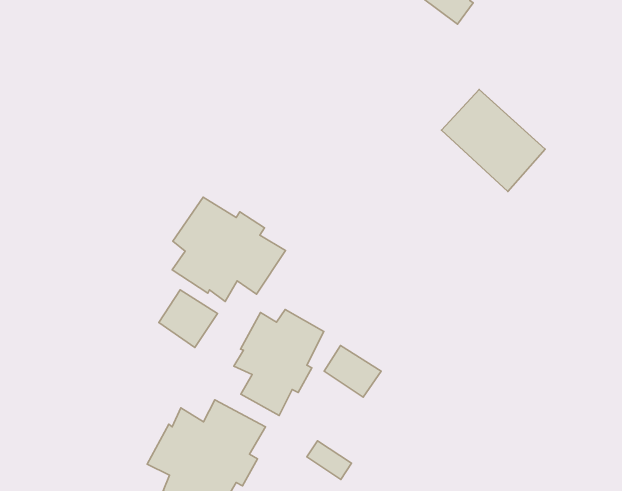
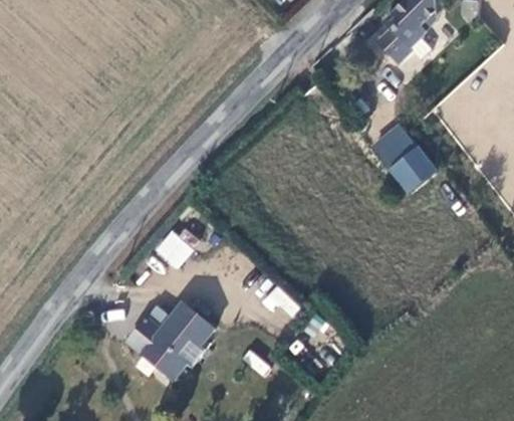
building: [172,197,286,302] -> none
building: [234,309,324,415] -> none

